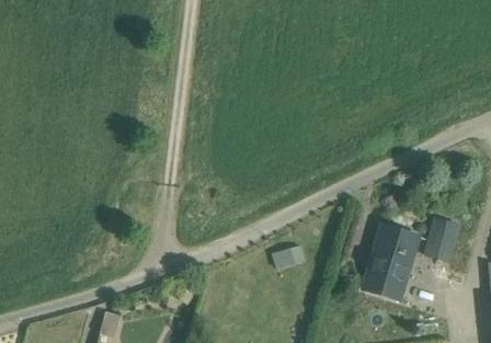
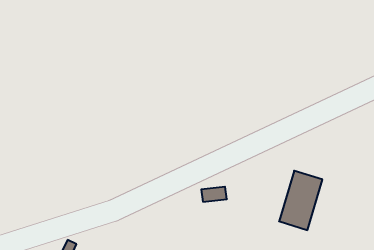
building: [426,218,458,255] -> none

